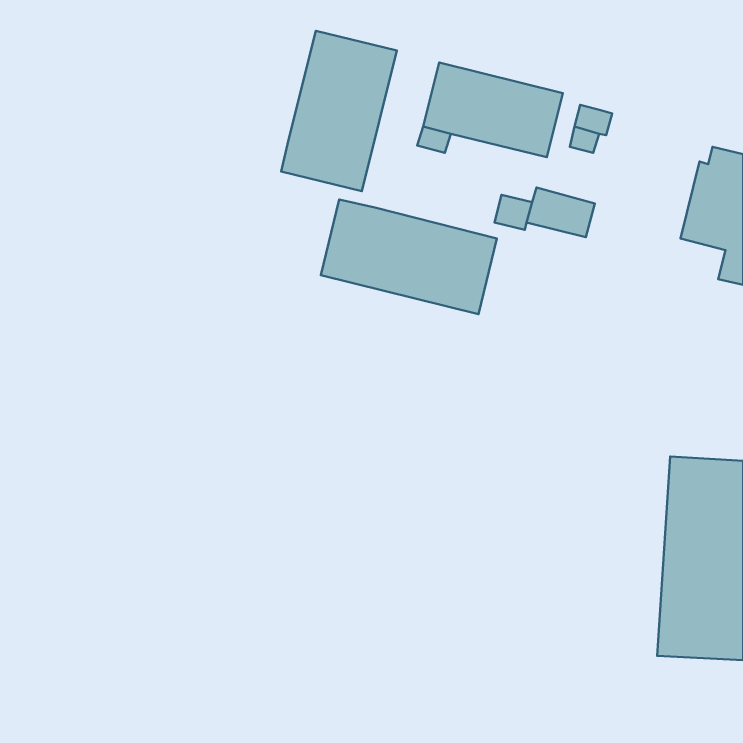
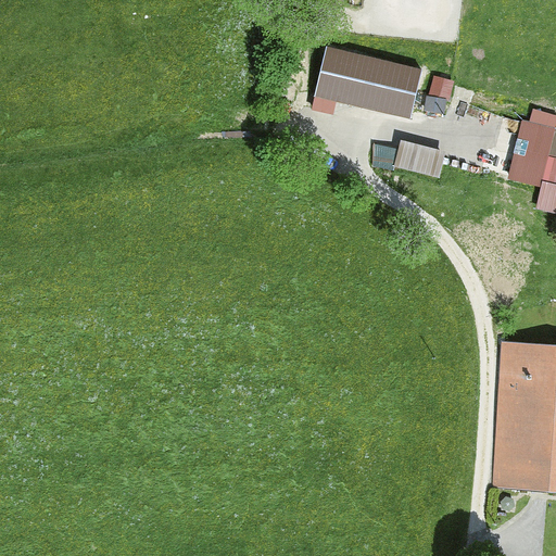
building: [281,31,397,191] -> none
building: [321,199,497,314] -> none

